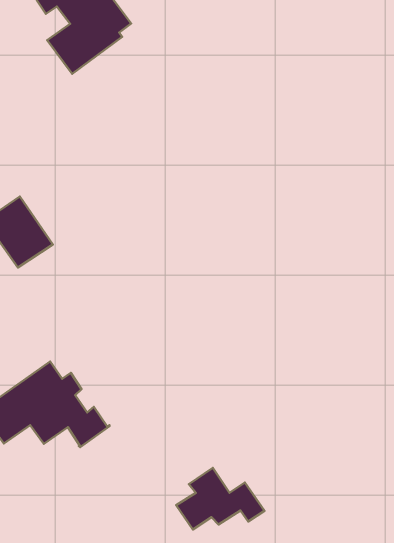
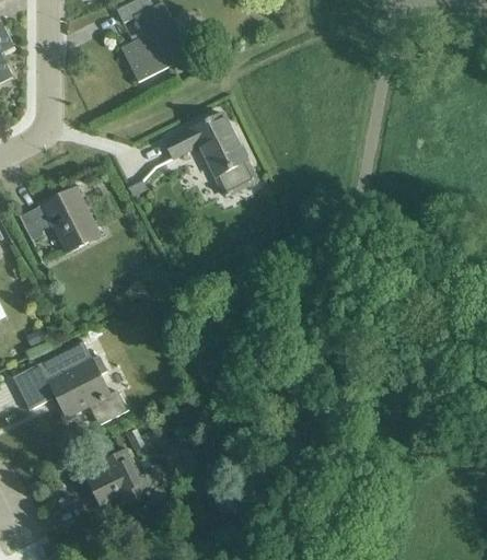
building: none -> [165,114,256,198]
building: [176,468,265,529] -> [88,451,167,504]

